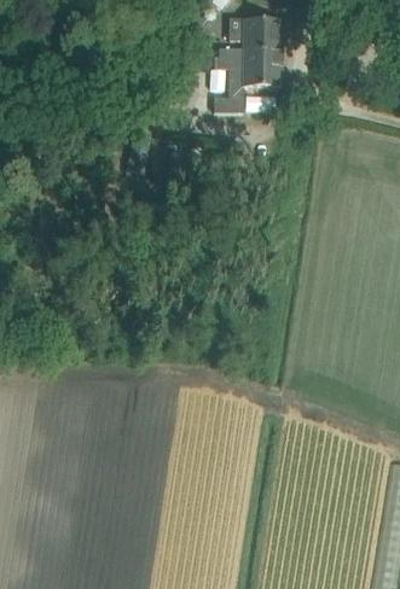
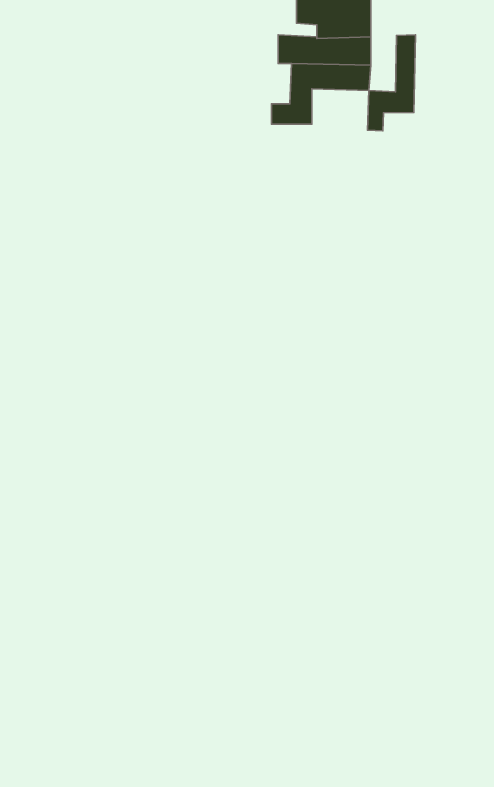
building: none -> [368,35,416,131]

